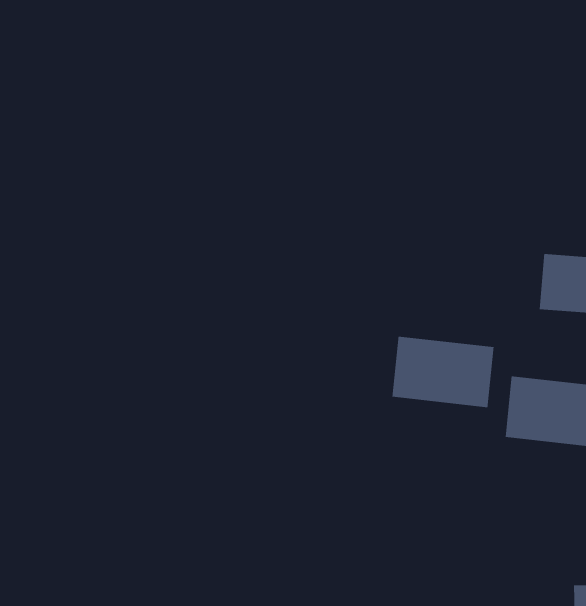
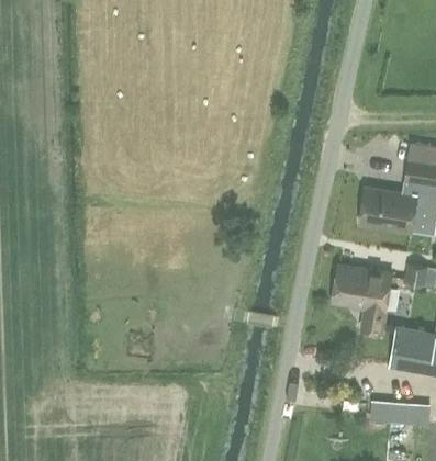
building: [392,336,494,408] -> none

